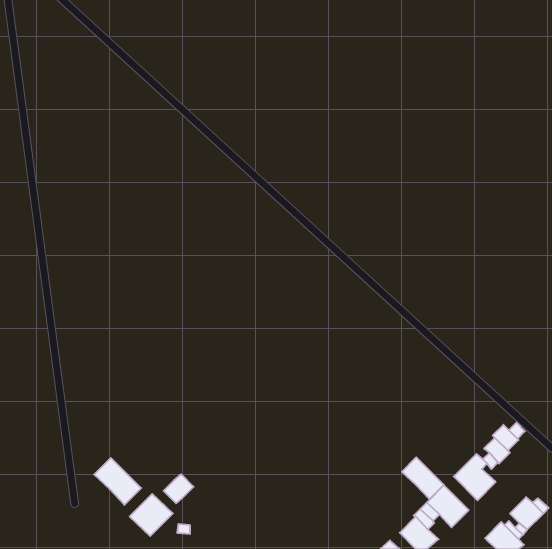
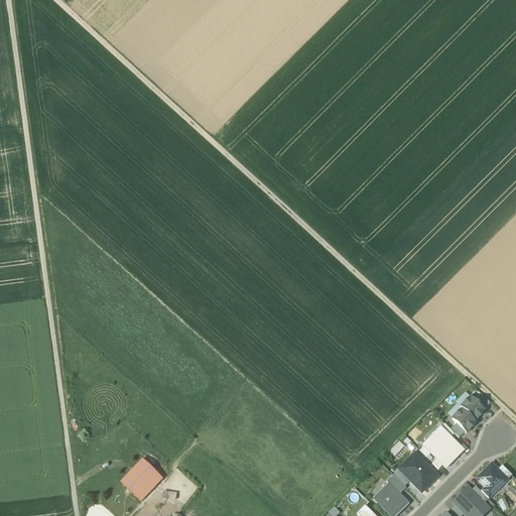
building: [402,457,444,499] -> none
building: [94,458,141,505] -> none
building: [164,474,194,503] -> none

